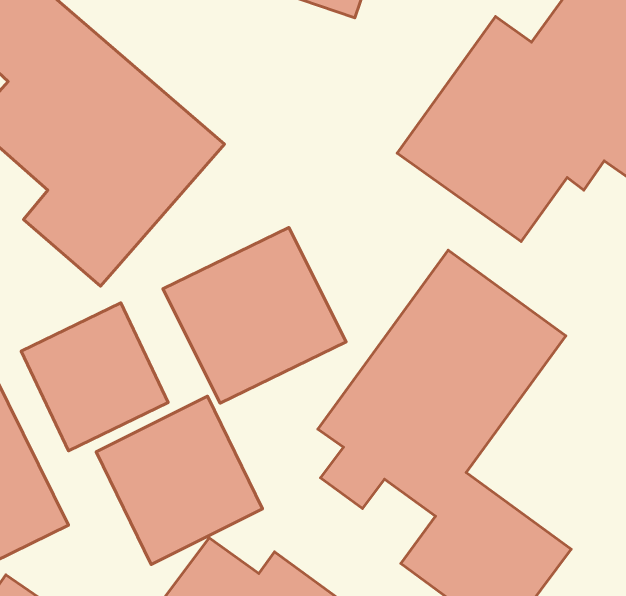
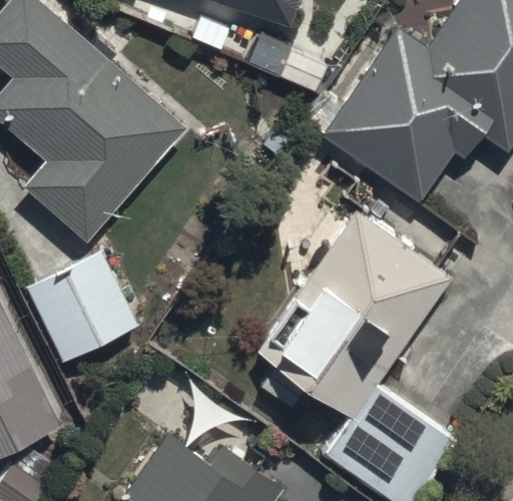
building: [163,228,346,403] -> none
building: [96,396,262,564] -> none

